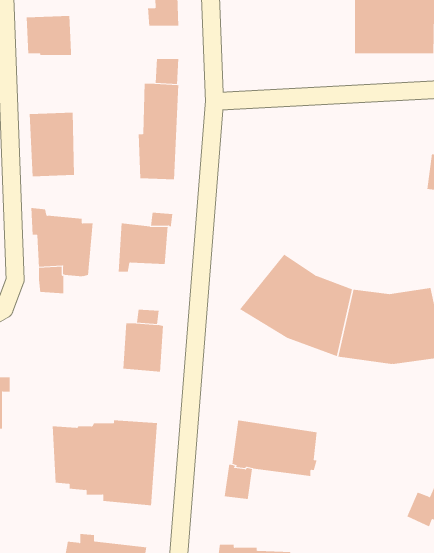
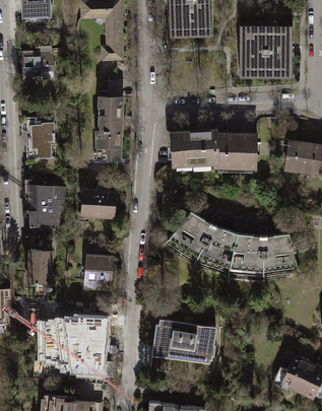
building: none -> [172,131,257,169]
building: none -> [28,251,52,285]

